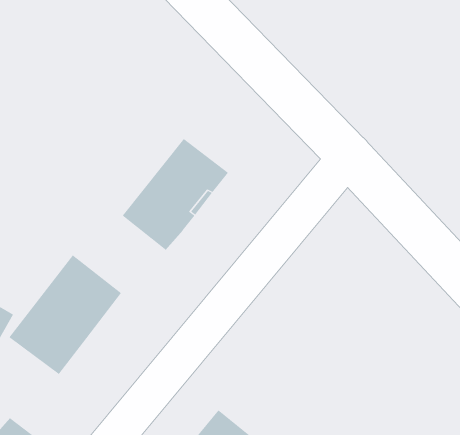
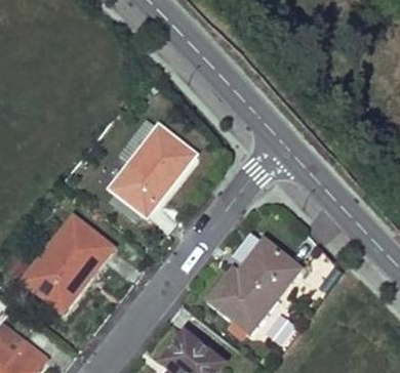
building: none -> [209,244,298,332]

